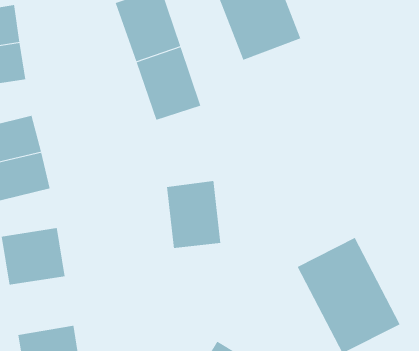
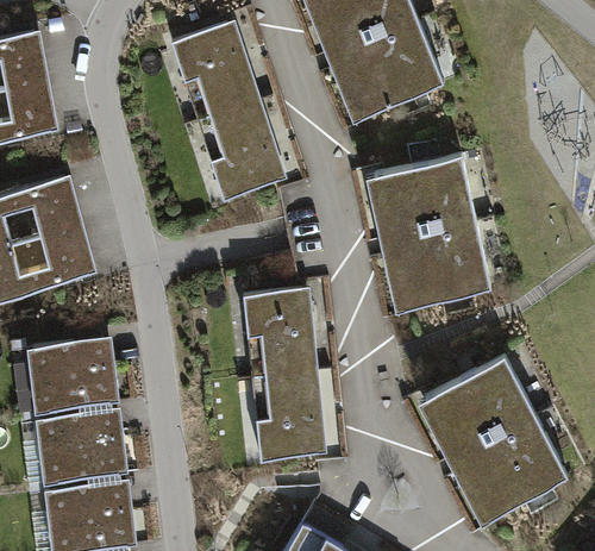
building: none -> [378,158,491,308]
building: none -> [255,368,330,459]
building: none -> [30,413,119,493]

